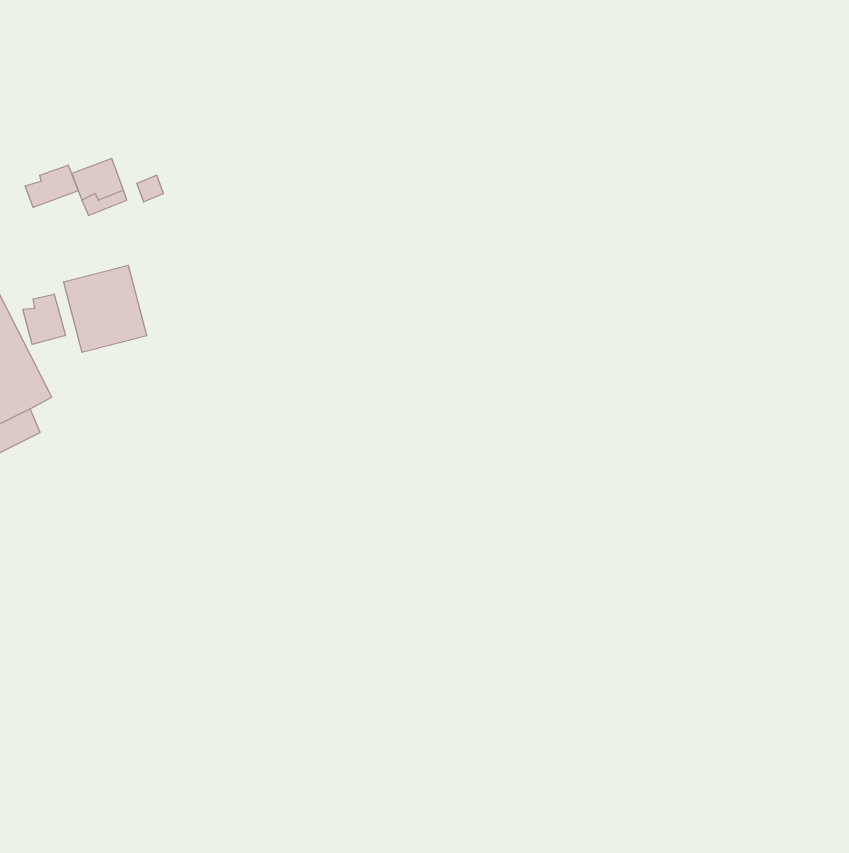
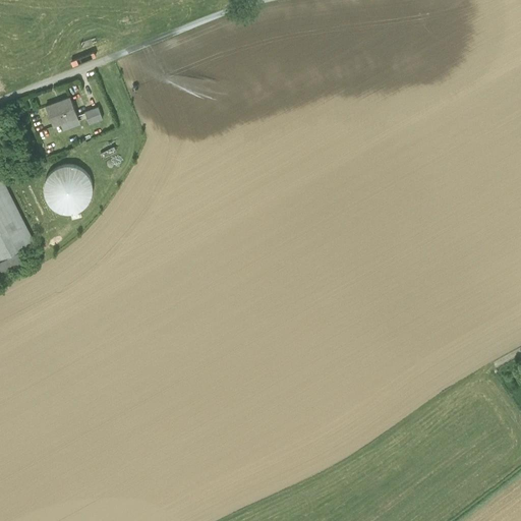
building: [25,165,78,208] -> none
building: [23,294,65,344] -> none

